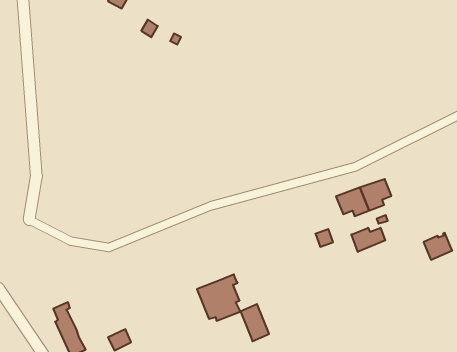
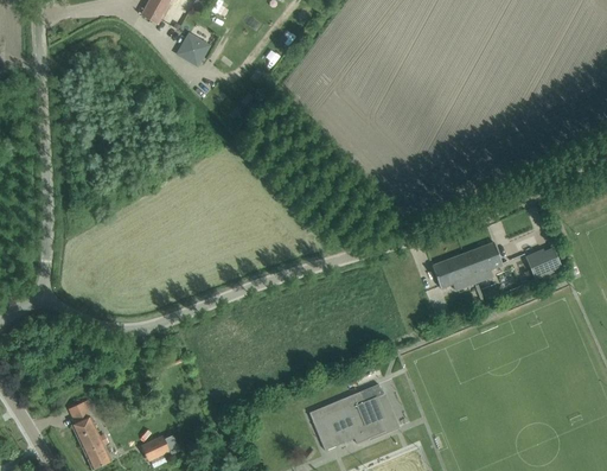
building: [351,228,385,252] -> none
building: [424,233,452,260] -> [525,244,562,279]
building: [197,274,240,321] -> [331,383,386,443]

